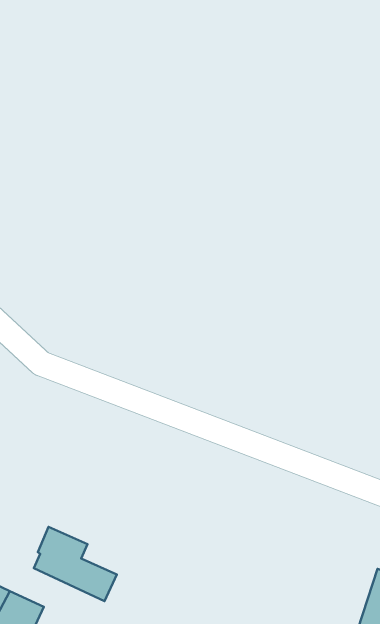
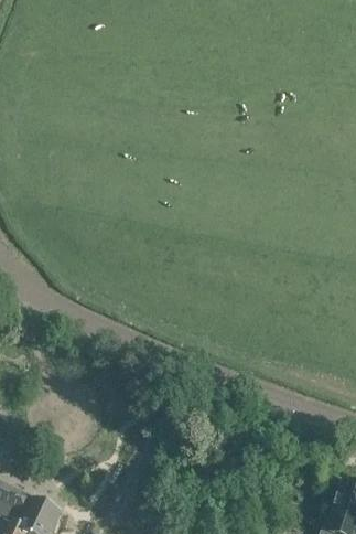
building: [34,527,117,601] -> none

